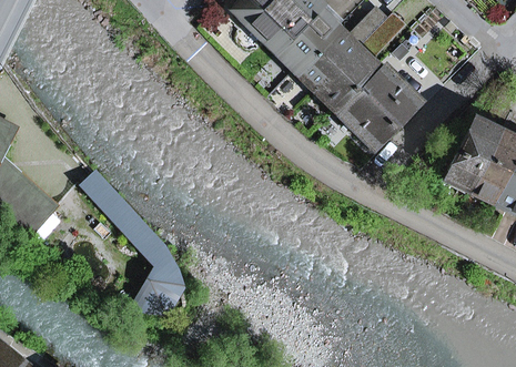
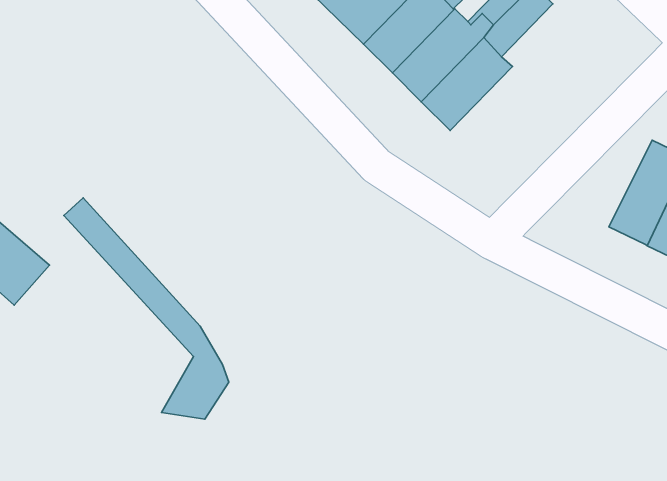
building: [335,63,419,149] -> none

